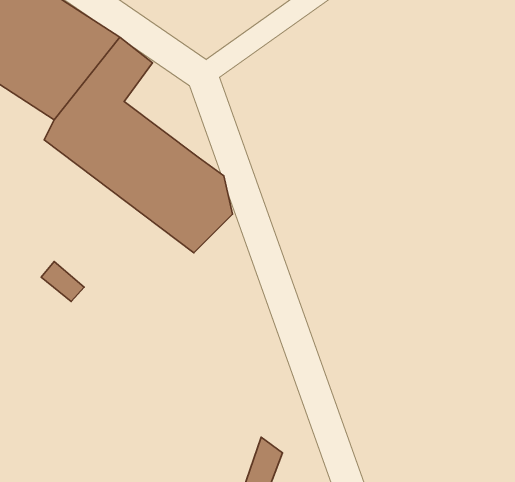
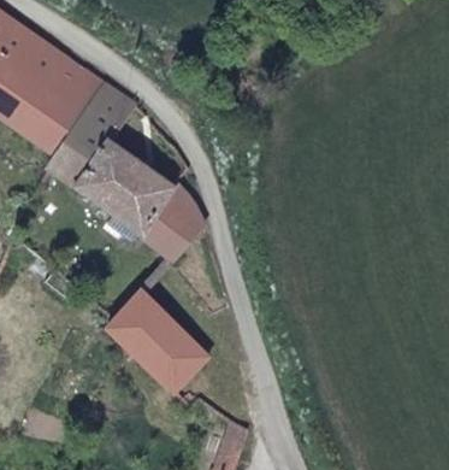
building: none -> [106,284,211,394]

